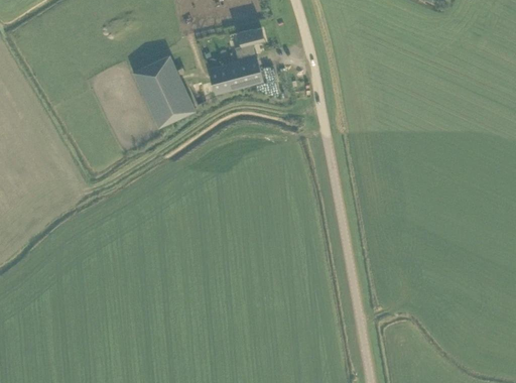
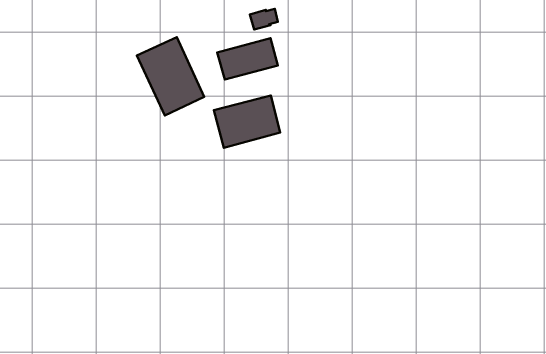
building: none -> [214,96,280,148]

